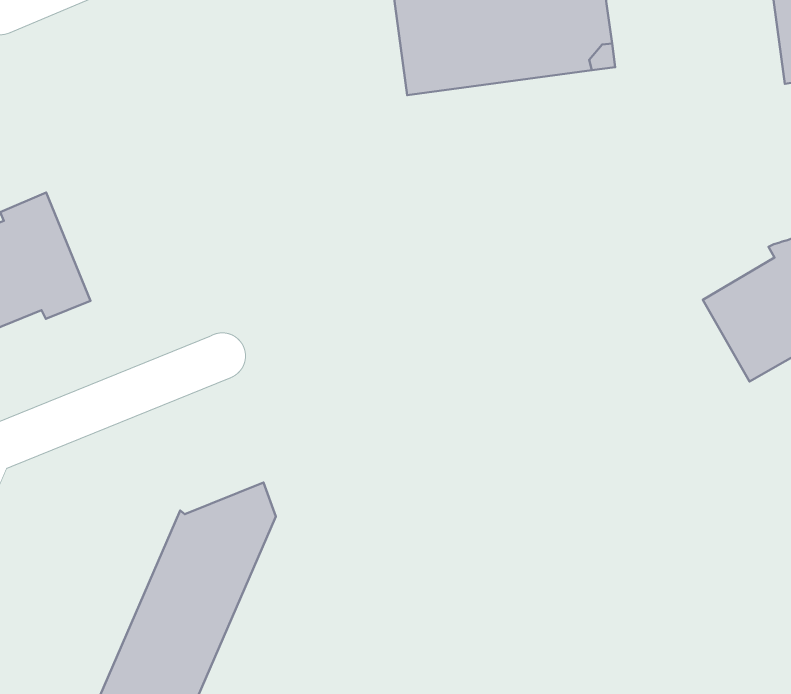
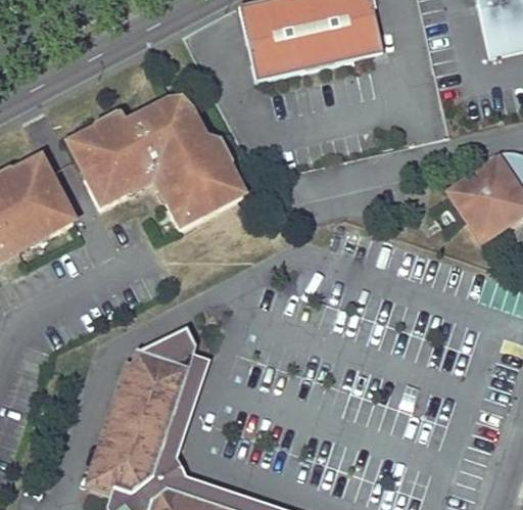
building: none -> [67,101,242,226]

